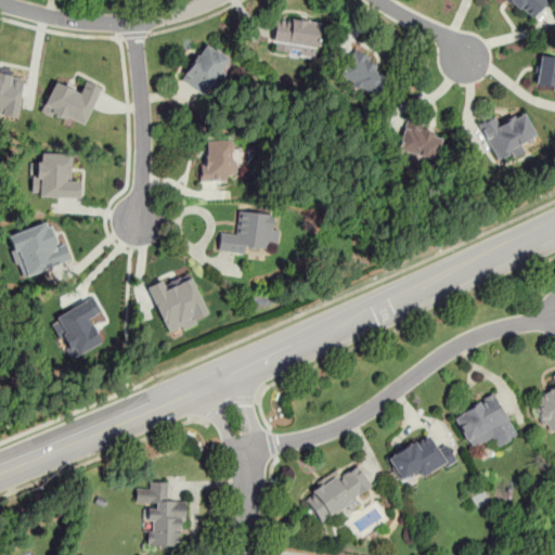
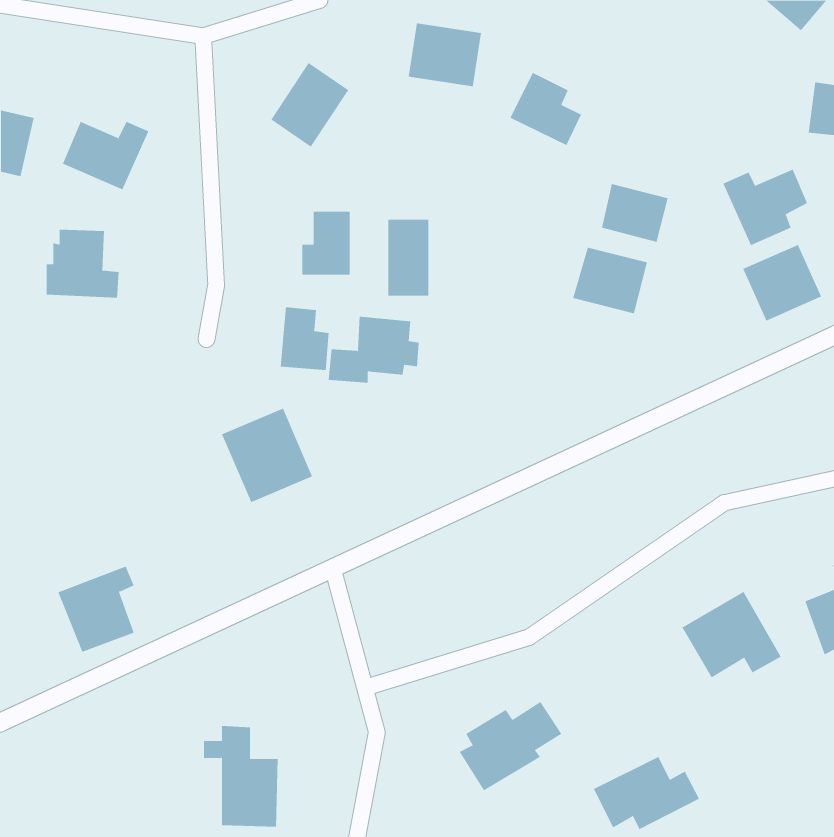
building: none -> [388,219,429,297]
building: none -> [742,244,822,321]
building: none -> [573,247,647,314]
building: none -> [280,306,329,371]
building: [9,221,72,274] -> none
building: [50,299,101,357] -> [57,566,134,653]
building: [387,433,457,481] -> [593,756,700,830]

